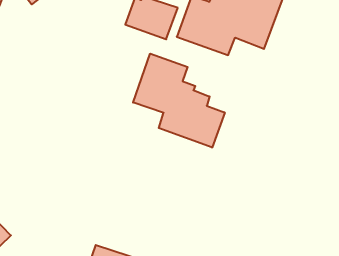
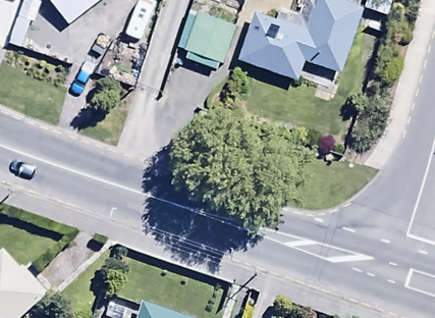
building: [133,54,225,148] -> none

